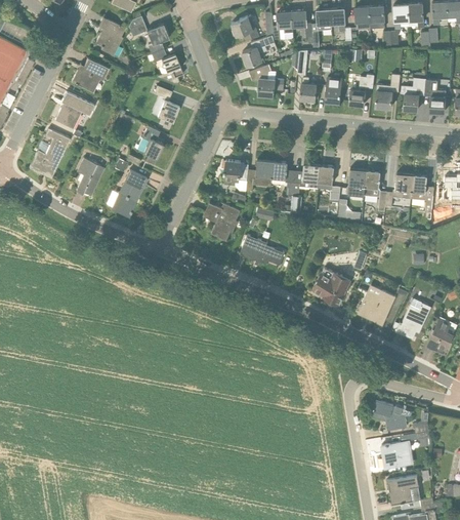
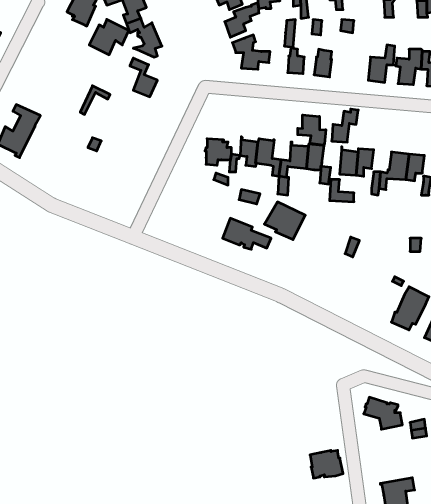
building: [71,57,108,90] -> [89,19,129,55]
building: [349,74,374,105] -> [332,109,358,142]
building: [54,91,94,128] -> none
building: [141,125,163,164] -> none
building: none -> [298,115,326,145]
building: [76,157,103,195] -> none
building: [112,171,147,215] -> none
building: [205,201,241,240] -> none
building: [312,268,350,303] -> [264,202,305,240]
building: [358,290,395,323] -> none
building: [381,441,412,467] -> [310,450,343,478]

